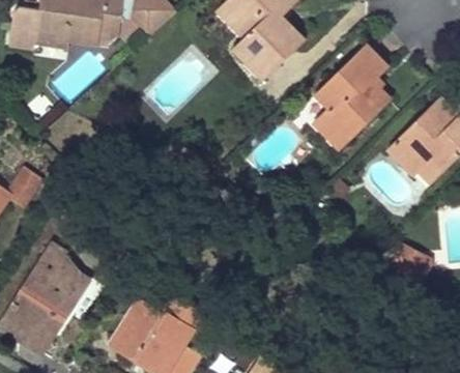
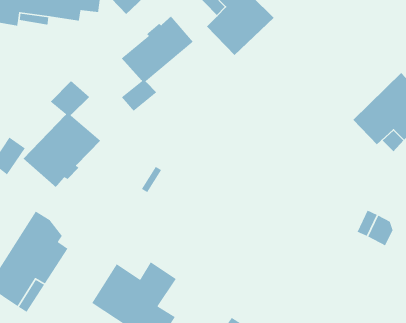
building: none -> [121,16,194,112]
building: [314,45,391,149] -> none
building: none -> [22,80,101,188]

